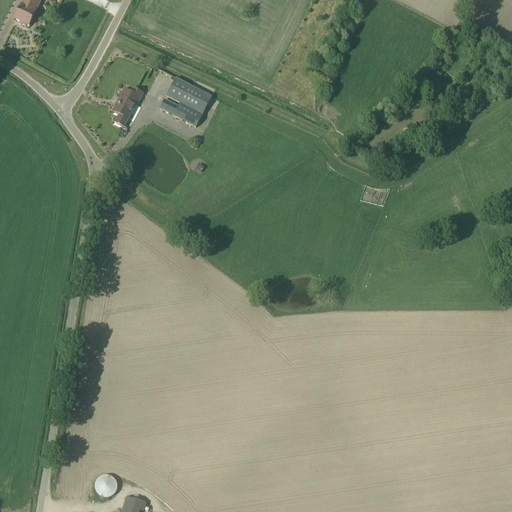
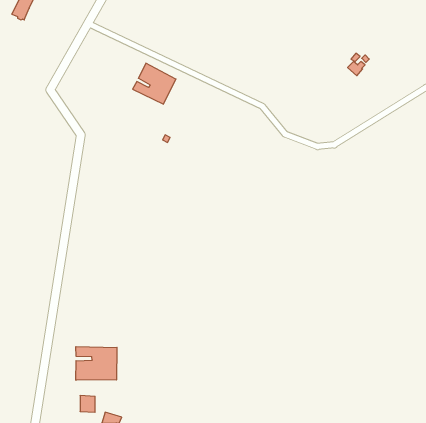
building: [113,86,142,125] -> none
building: none -> [76,347,117,380]

